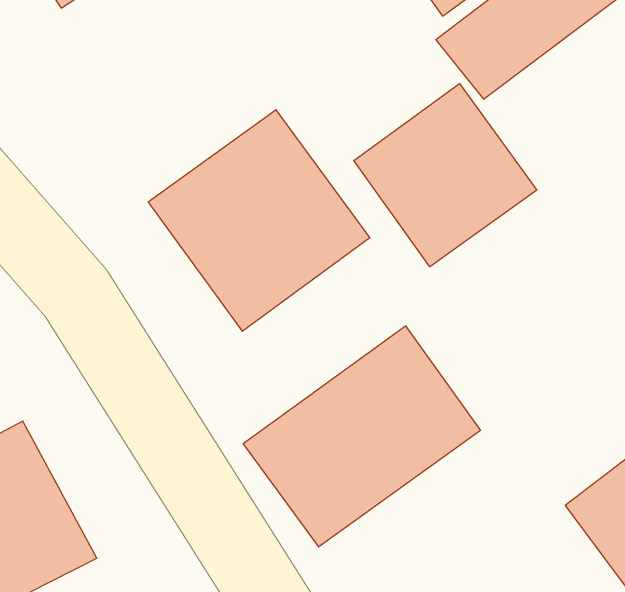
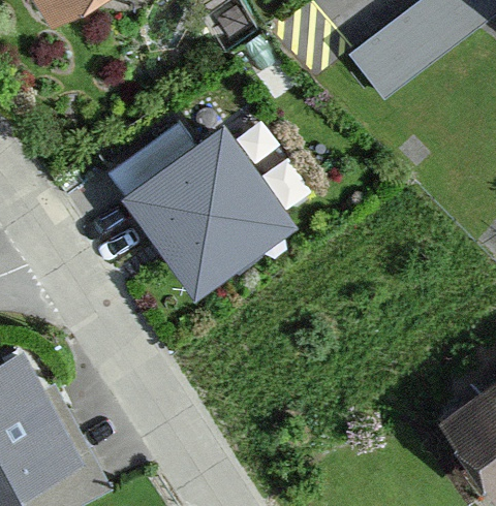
building: [354,84,537,267] -> none
building: [243,326,480,547] -> none

